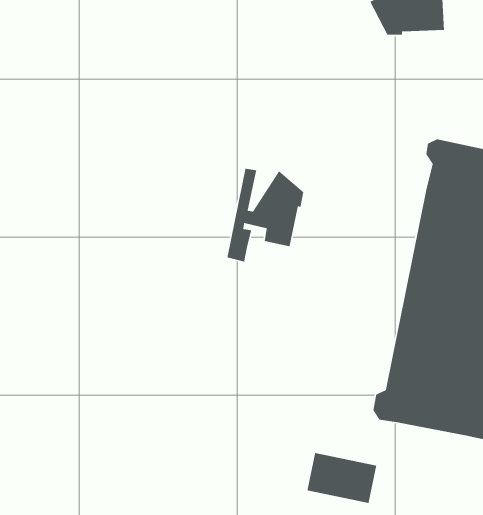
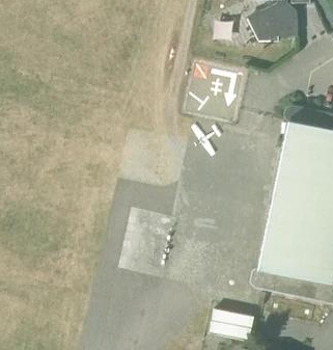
building: [227,168,304,262] -> none

